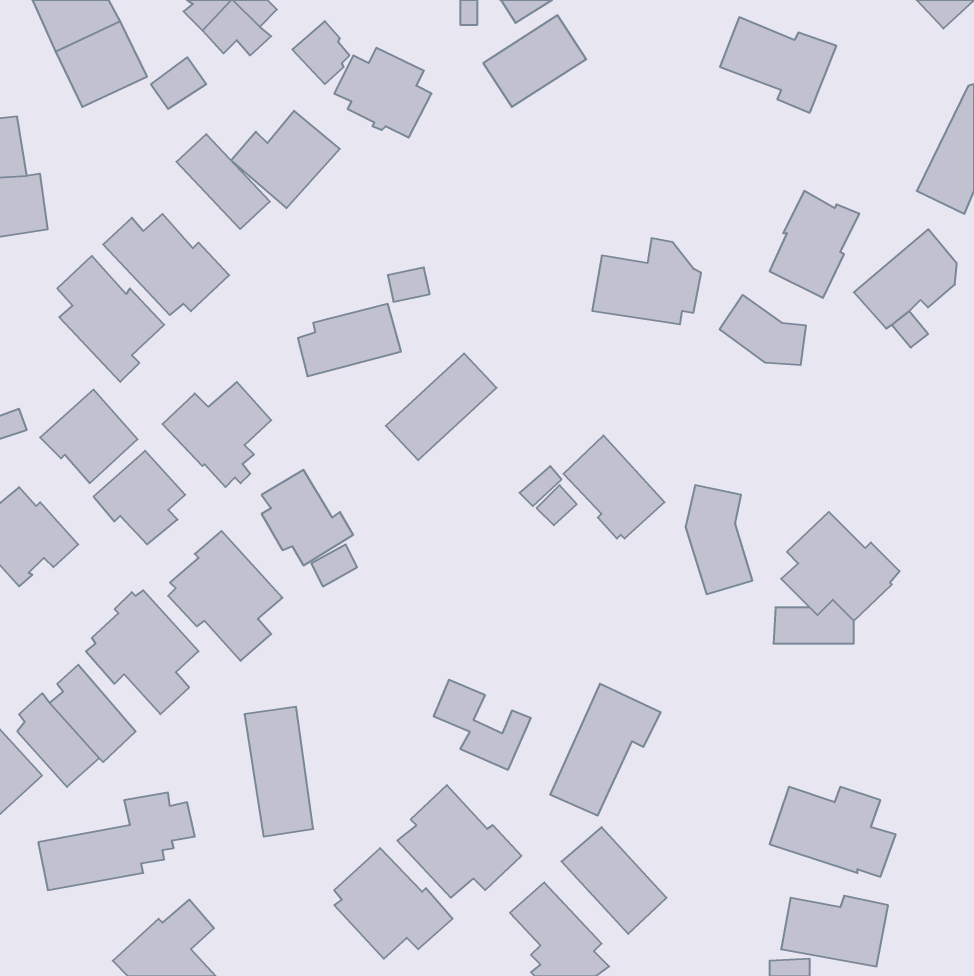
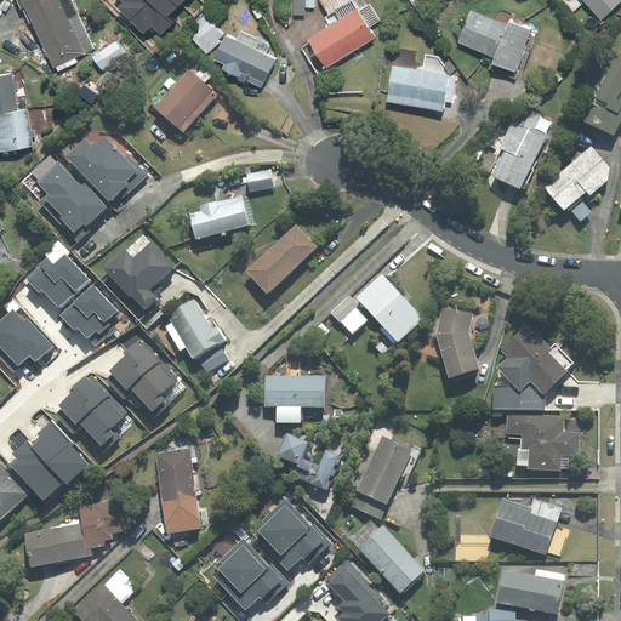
building: [176,134,270,229] -> none
building: [592,238,701,324] -> [386,56,455,110]
building: [720,295,806,365] -> none
building: none -> [264,375,324,406]
building: none -> [505,414,579,471]

